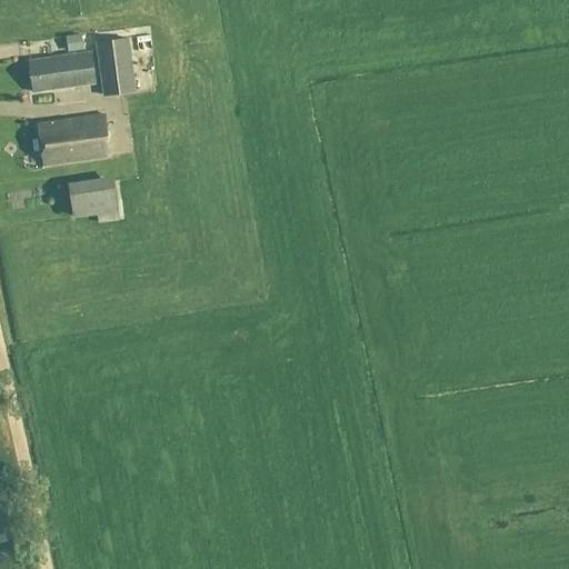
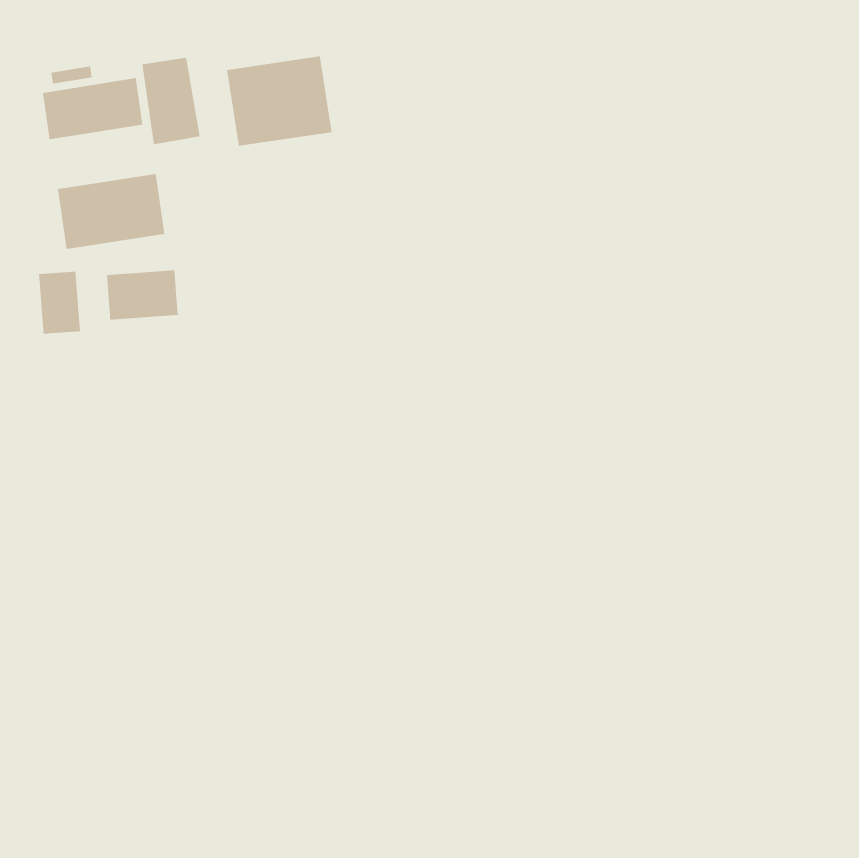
building: none -> [226,56,332,147]
building: none -> [39,271,80,334]

